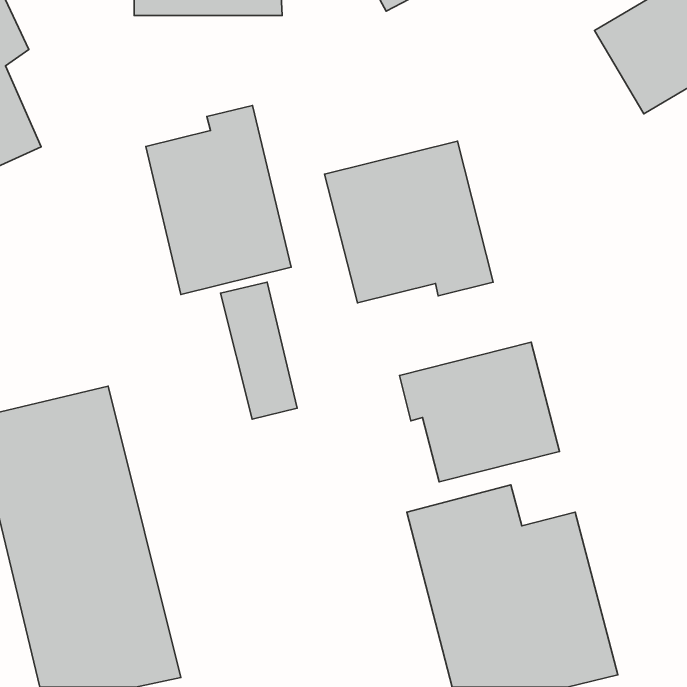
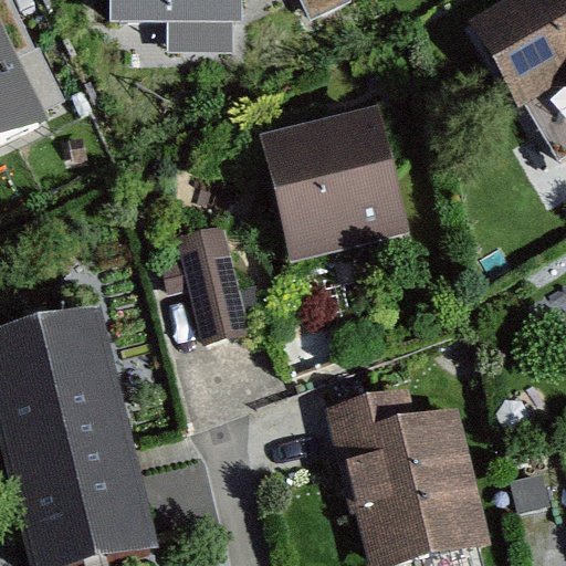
building: [146,105,291,294] -> none
building: [399,342,560,482] -> none

